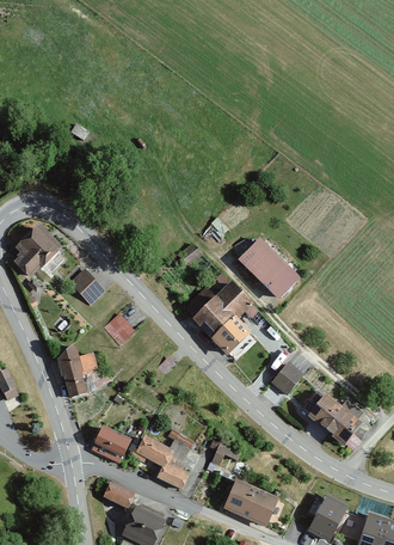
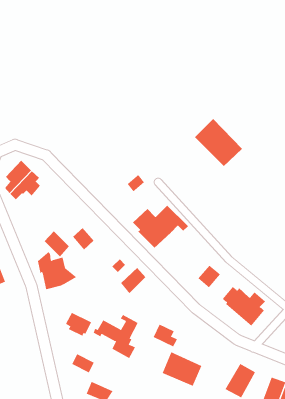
building: [239,234,303,299] -> [194,118,243,167]
building: [69,268,104,304] -> [44,230,70,257]
building: [214,320,248,356] -> [120,267,146,294]
building: [129,503,164,532] -> none

